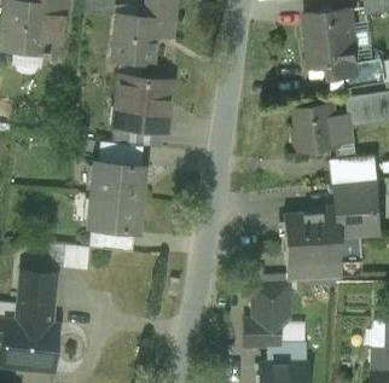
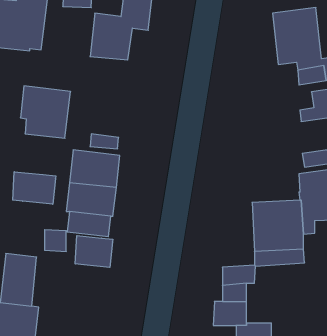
building: [117,76,170,132] -> [20,86,71,138]
building: [295,104,338,152] -> none
building: none -> [13,172,56,204]
building: none -> [75,236,113,267]

